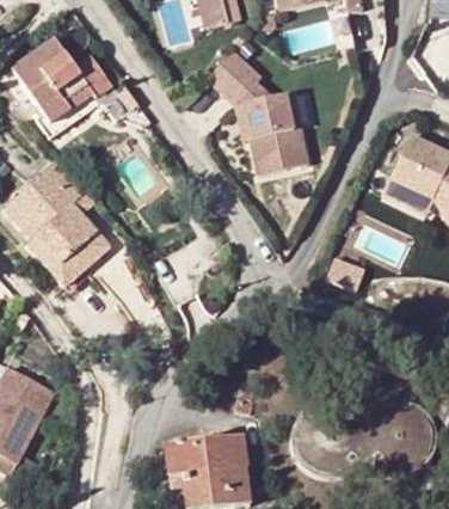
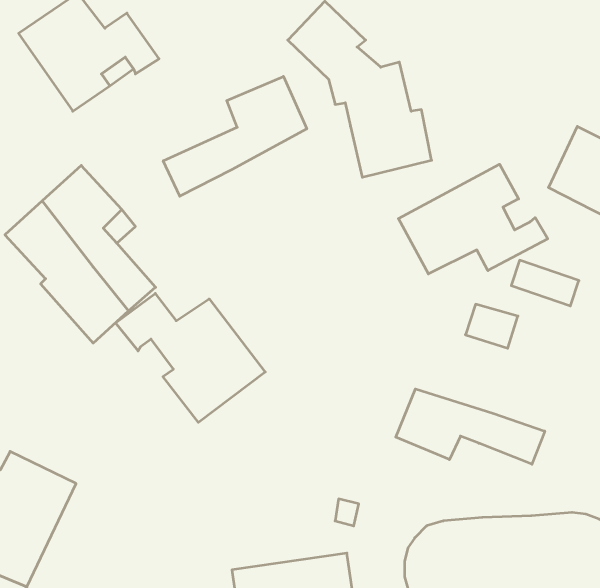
building: none -> [163,76,307,196]
building: none -> [398,164,548,274]
building: none -> [116,293,265,422]
building: none -> [396,389,545,464]

